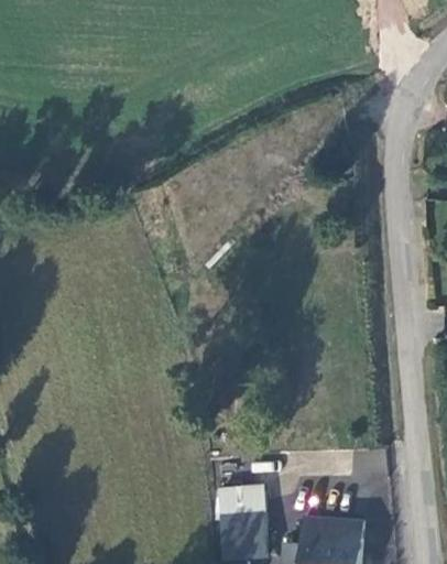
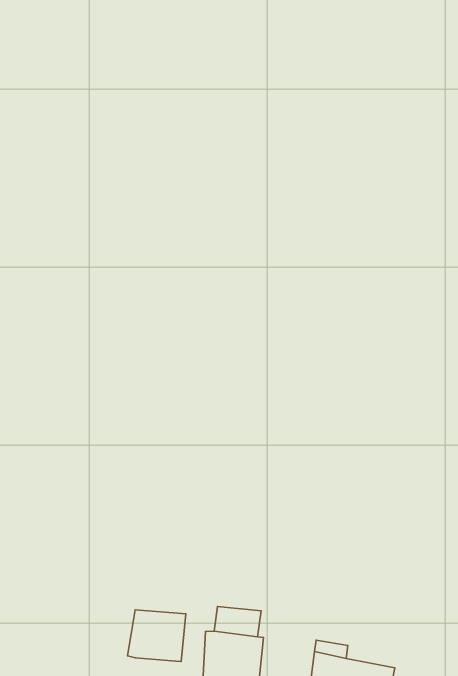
building: none -> [128,610,186,661]

